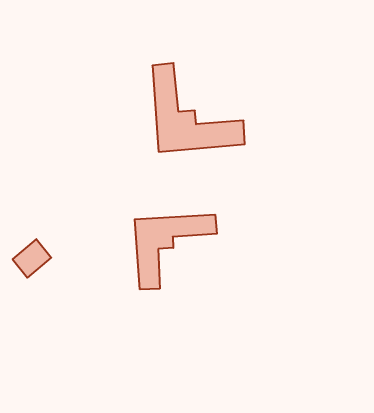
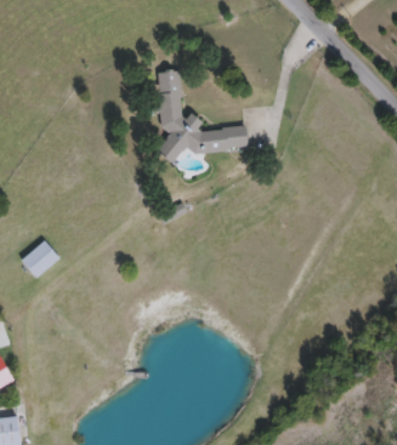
building: [135,215,217,289] -> none

